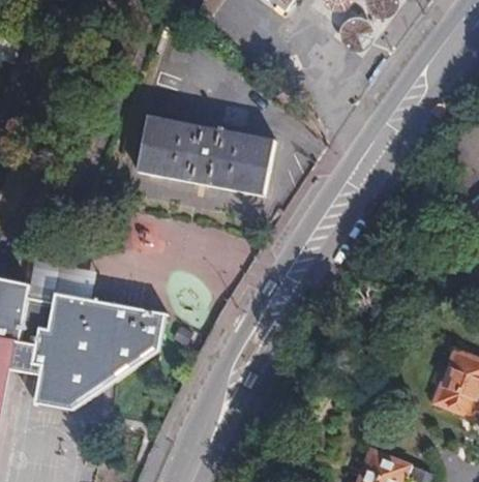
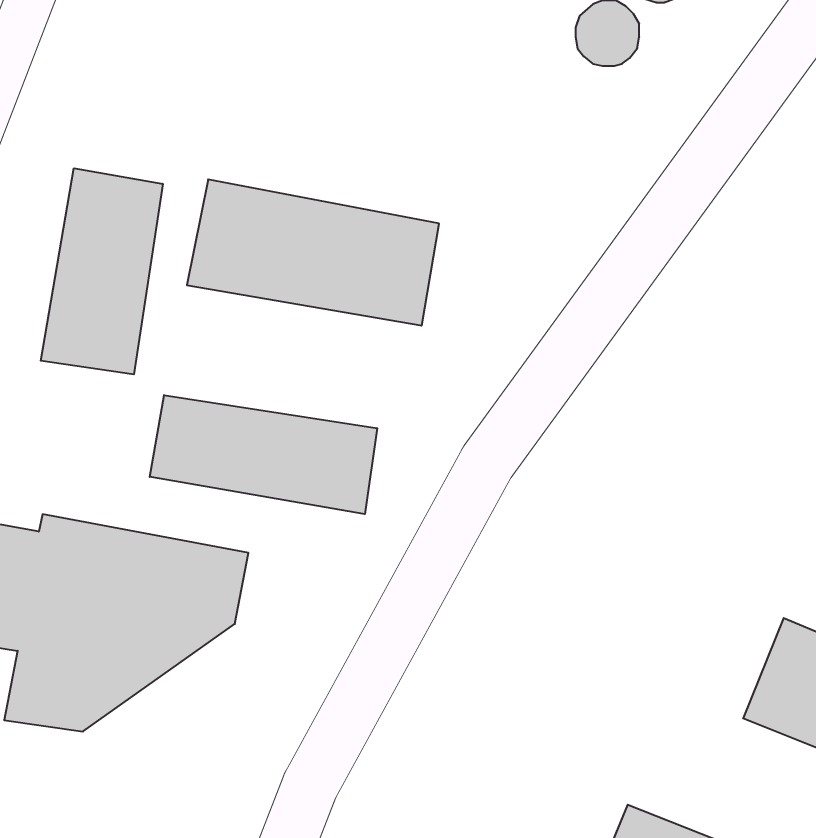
building: none -> [41,168,163,374]
building: none -> [150,395,377,514]

